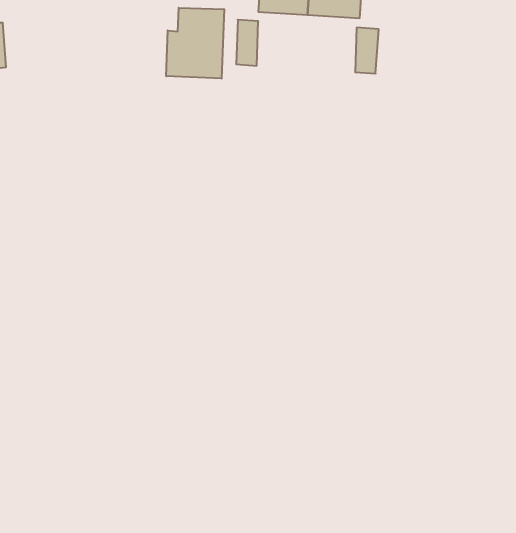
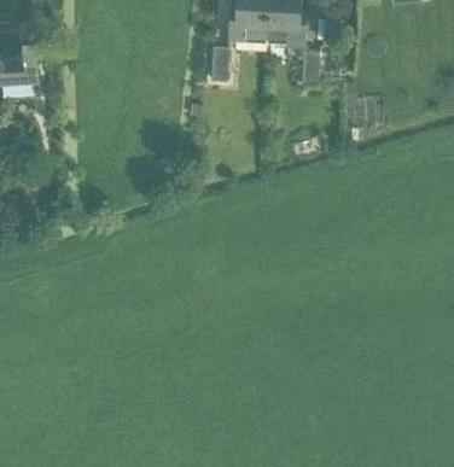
building: [166,8,224,79] -> none

